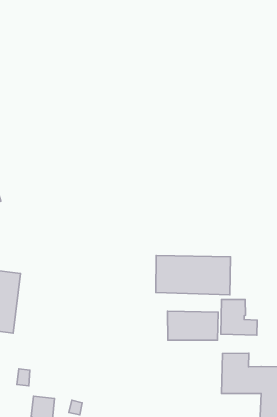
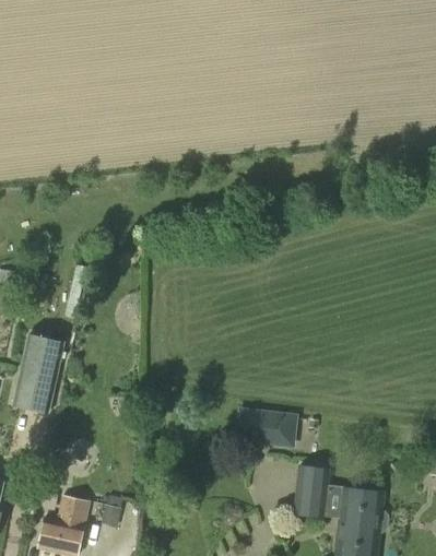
building: [156,256,231,295] -> none
building: [221,299,257,335] -> none

